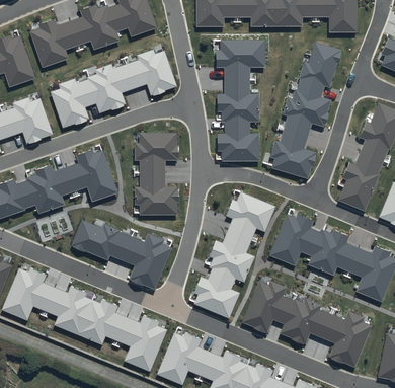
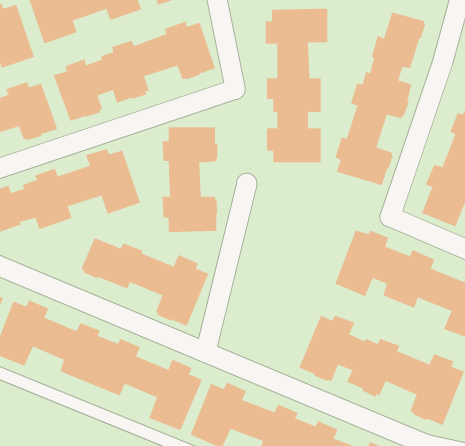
building: [193,192,275,319] -> none

